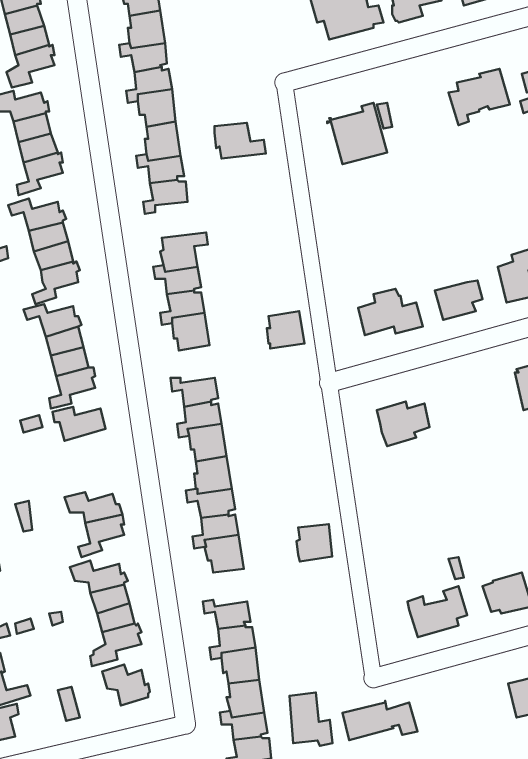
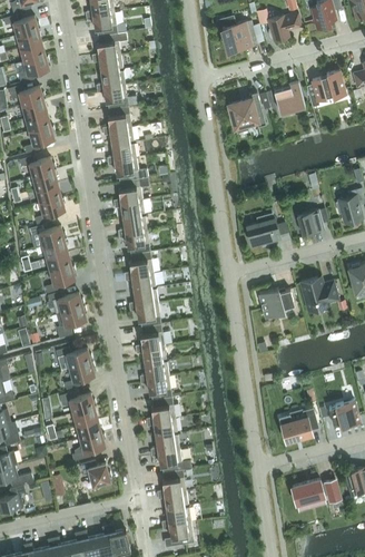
building: none -> [274,82,305,113]
building: [215,123,266,159] -> [115,158,148,182]
building: [267,311,304,349] -> [129,252,154,276]
building: none -> [300,277,338,311]
building: none -> [56,306,87,339]
building: [296,524,332,562] -> [151,398,175,422]
building: [289,692,333,746] -> none
building: [342,701,418,740] -> [292,479,341,505]

